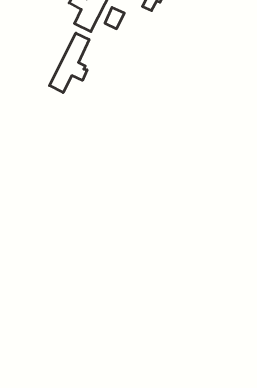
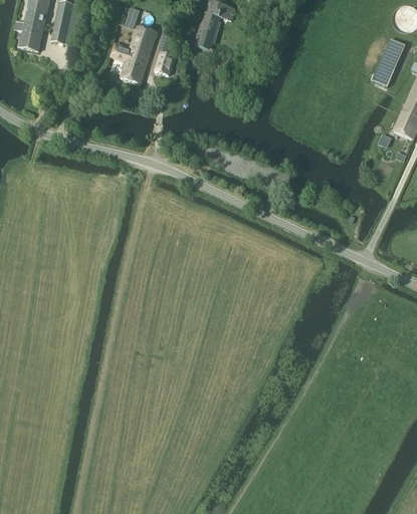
building: [49,33,89,93] -> none

